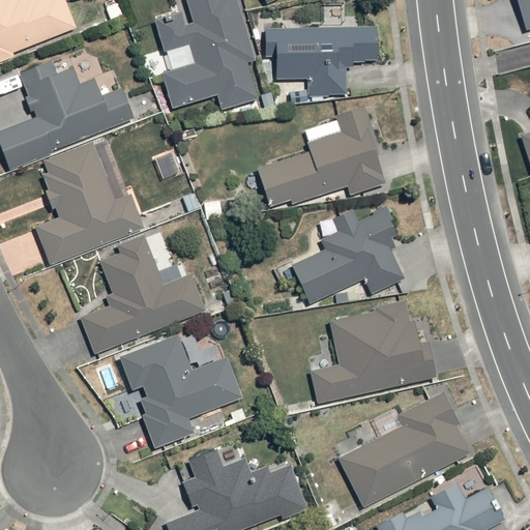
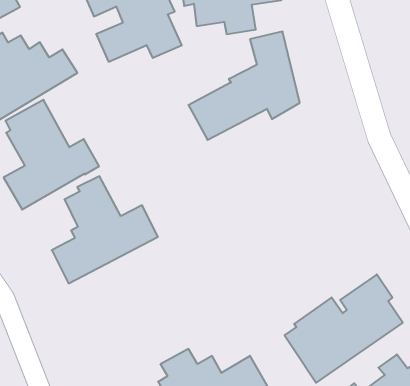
building: [292,211,401,304] -> none
building: [311,305,438,403] -> none
building: [120,334,242,452] -> none

